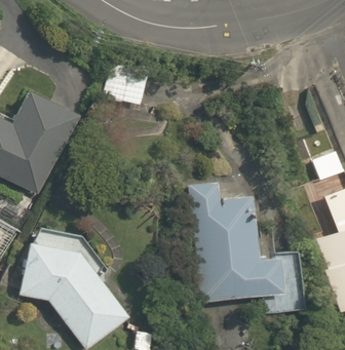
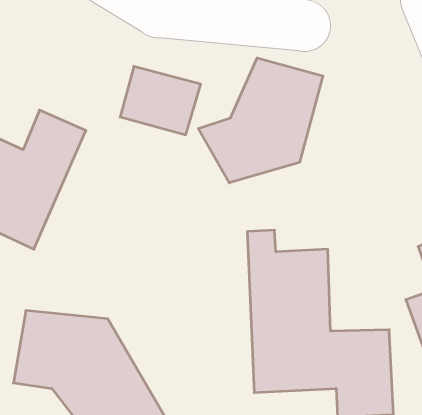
building: none -> [198,58,323,183]

